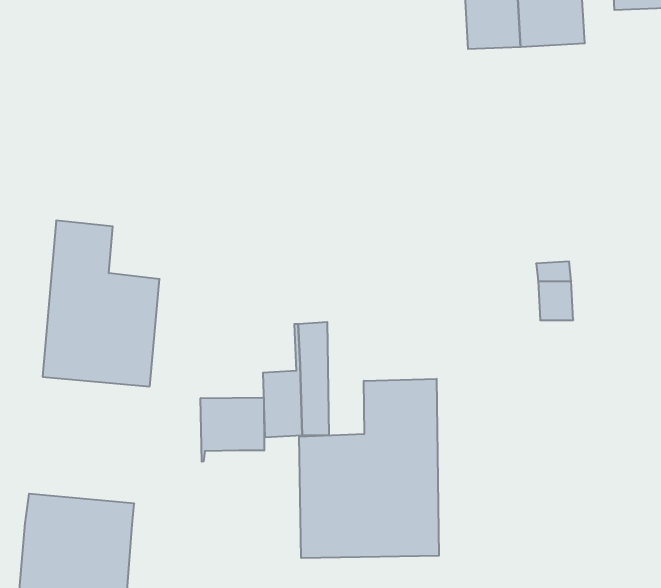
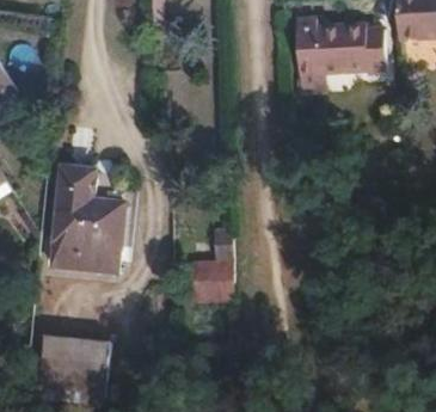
building: [299,379,439,558] -> none
building: [201,397,264,462] -> none

